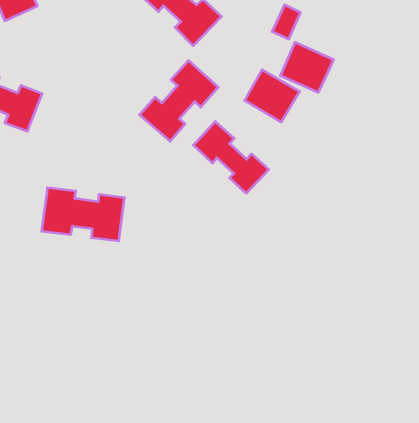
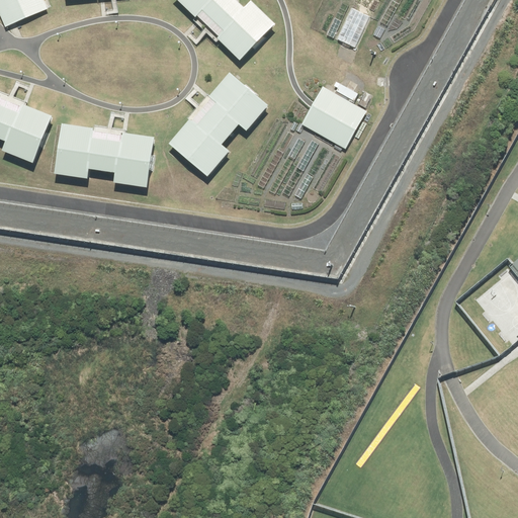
building: [280,42,333,92] -> none
building: [193,121,269,193] -> none
building: [42,188,125,241] -> [53,123,154,188]

